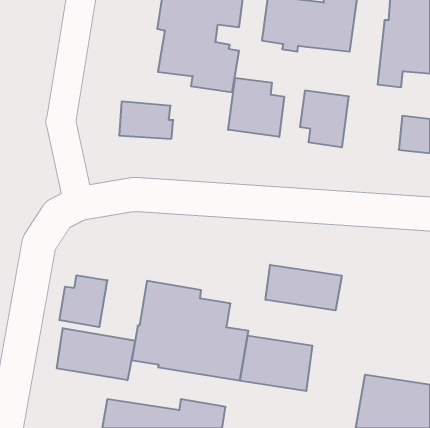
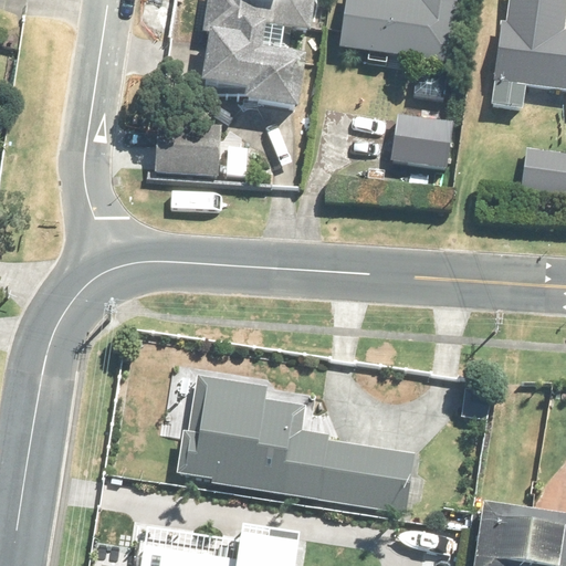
building: [228,78,284,137] -> none
building: [266,265,342,310] -> none
building: [60,275,107,327] -> none
building: [57,328,135,380] -> none

